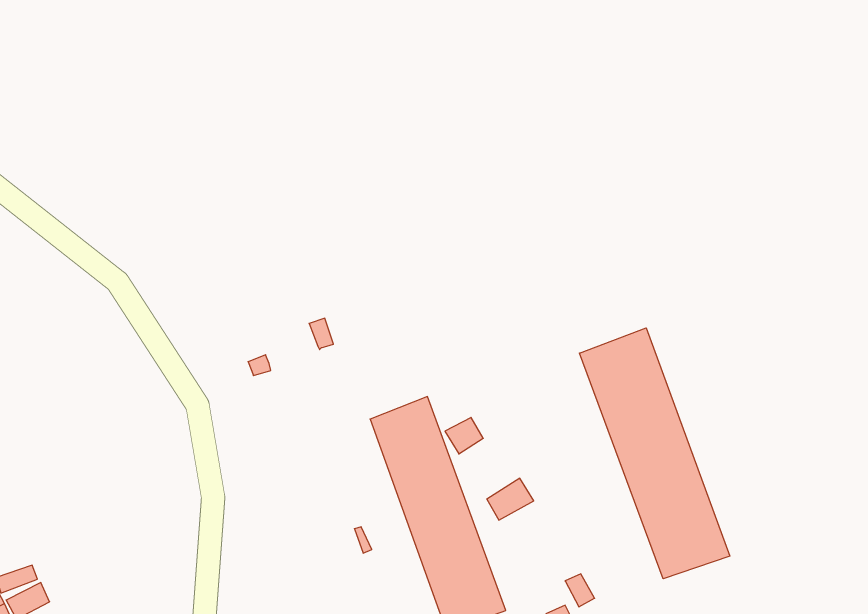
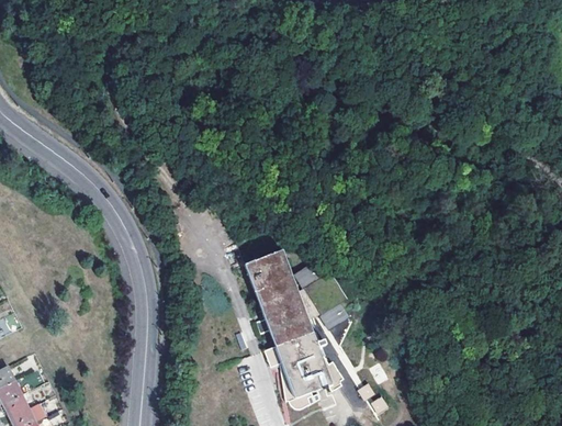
building: [579,328,730,579] -> none

